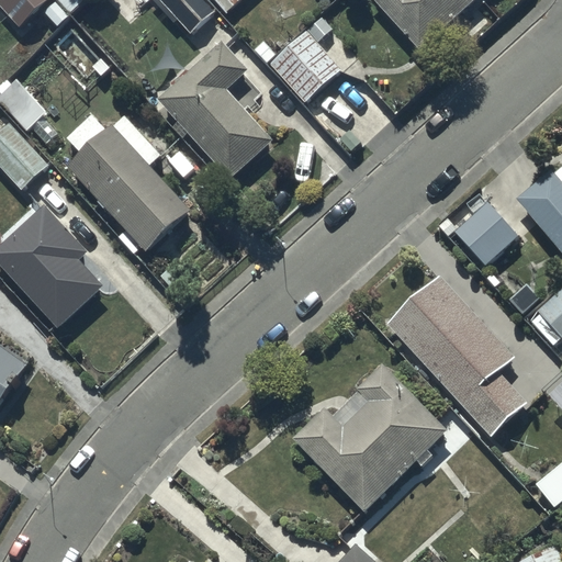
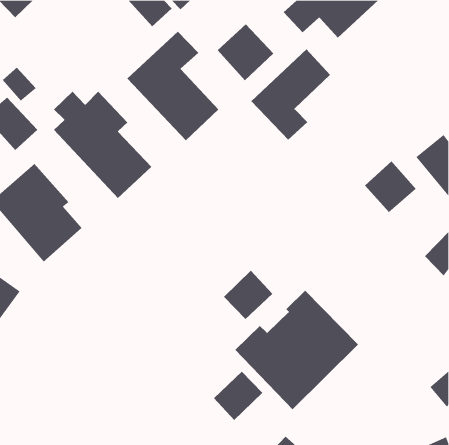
building: none -> [250,48,331,141]
building: [385,273,526,436] -> none
building: none -> [223,270,273,320]
building: none -> [213,371,263,421]

